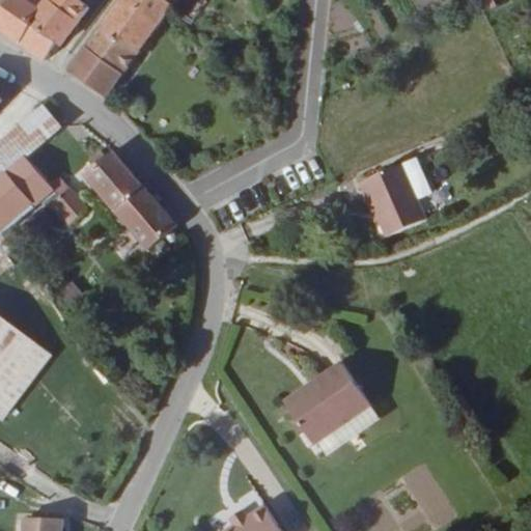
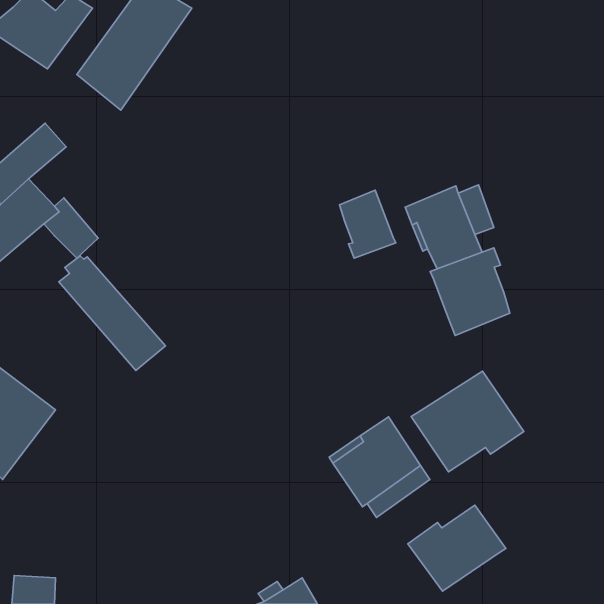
building: [83,148,176,249] -> [59,256,165,371]
building: none -> [339,190,396,258]
building: none -> [430,248,510,336]
building: none -> [411,371,524,472]
building: none -> [408,505,506,591]

